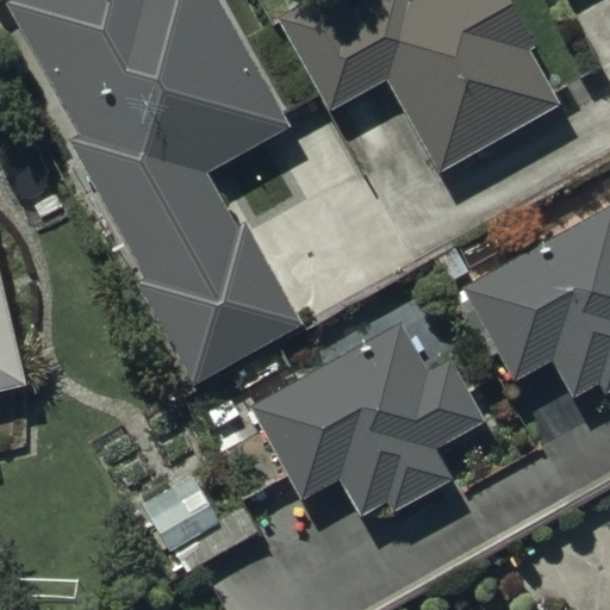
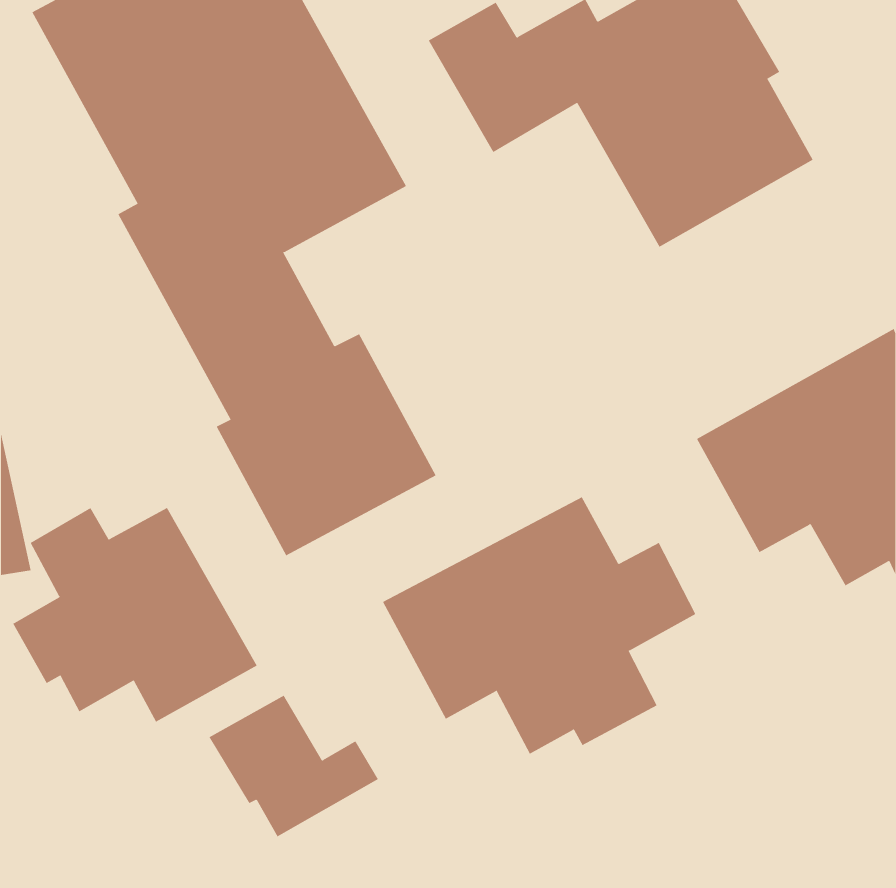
building: none -> [13,507,257,723]

